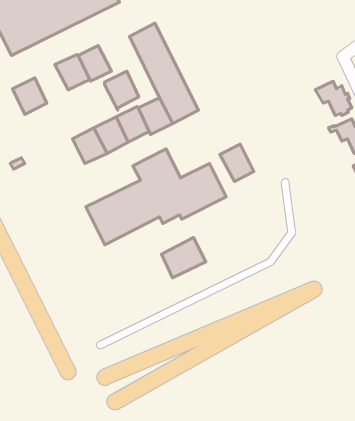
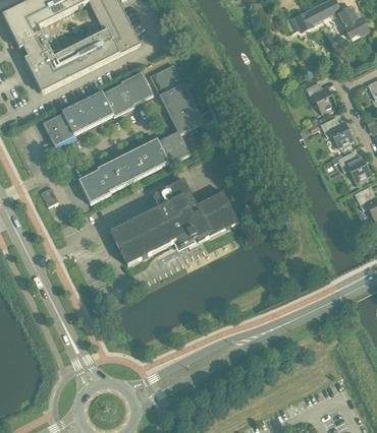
building: none -> [305,80,335,112]
building: none -> [61,100,93,135]
building: [104,71,139,110] -> [120,70,152,106]
building: none -> [76,168,109,203]
building: [220,144,254,182] -> none
building: [161,237,206,278] -> none

